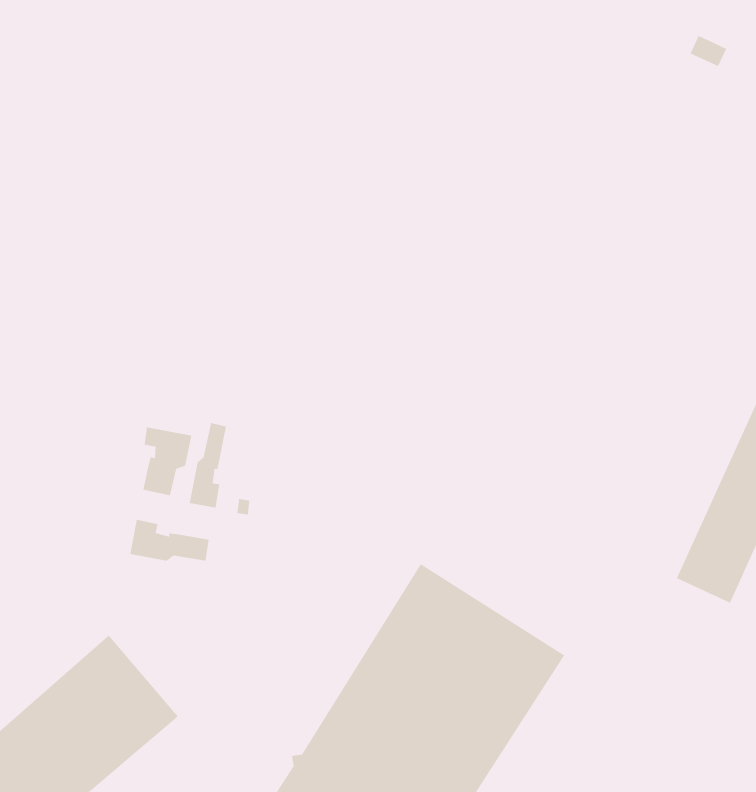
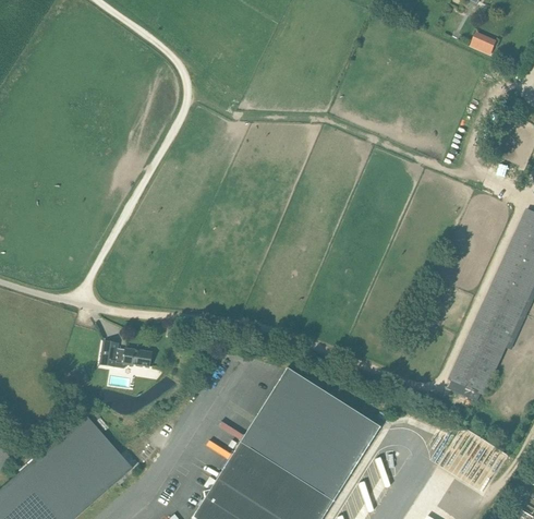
building: [189,422,227,509] -> none
building: [142,426,192,496] -> none

